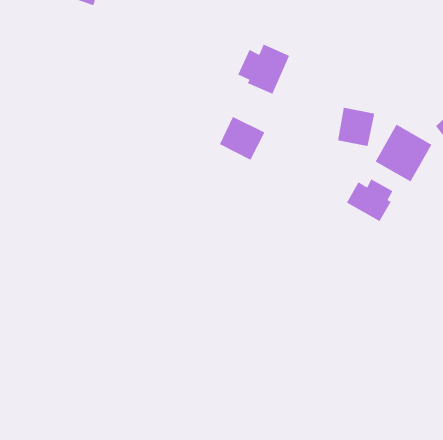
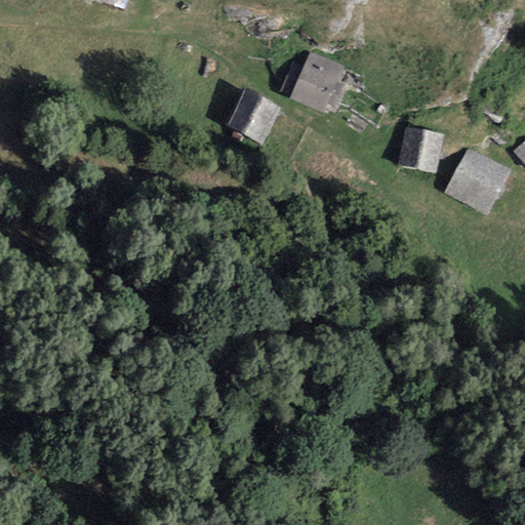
building: [219,116,266,161] -> [224,89,279,143]
building: [346,178,394,222] -> none

